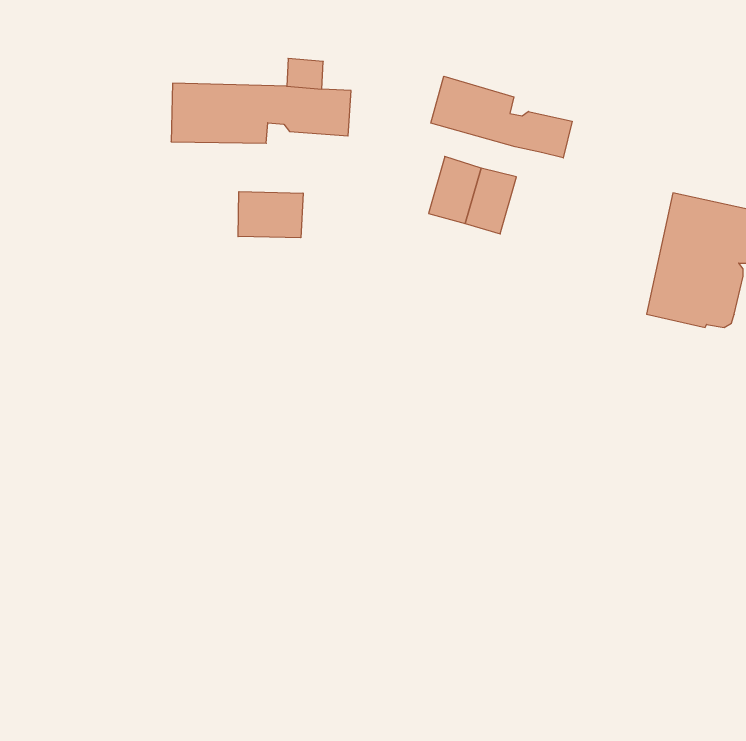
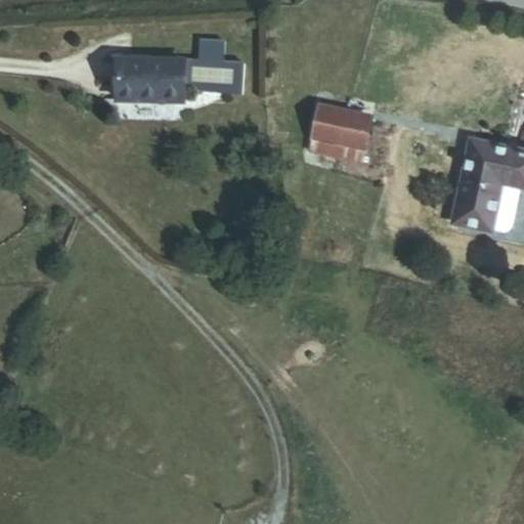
building: [431,76,572,158] -> none
building: [238,192,303,238] -> none

